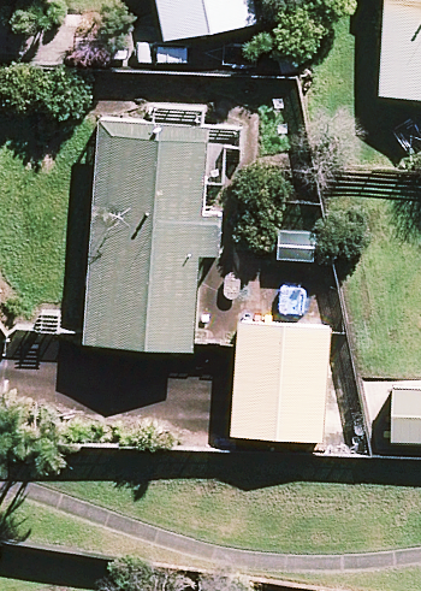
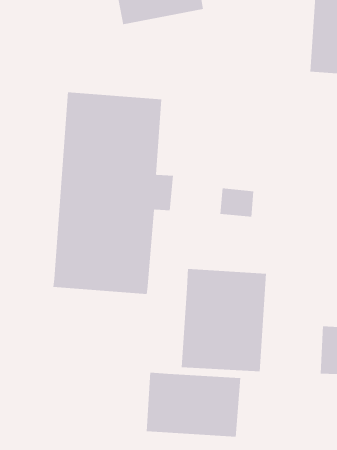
building: none -> [146,372,241,437]

